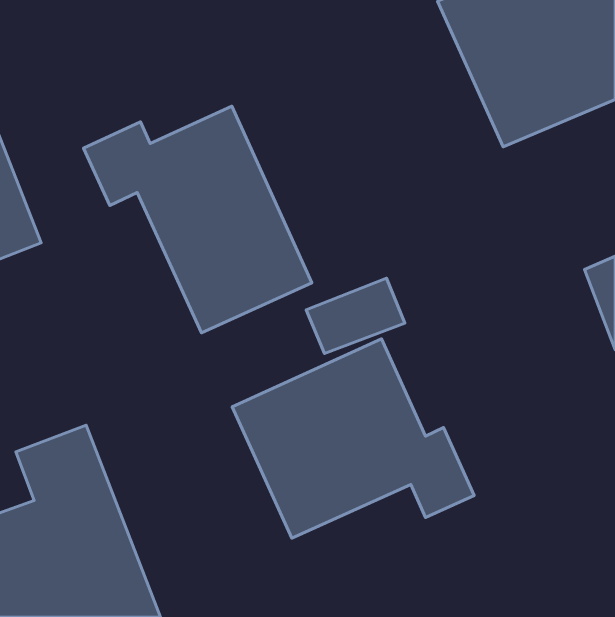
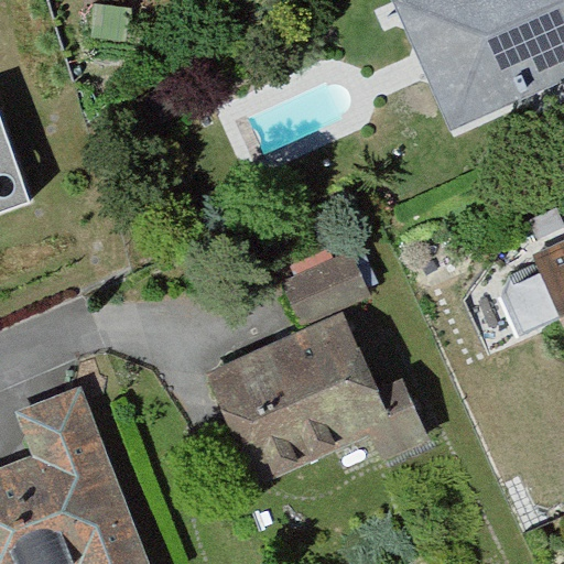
building: [84,106,312,333] -> none

